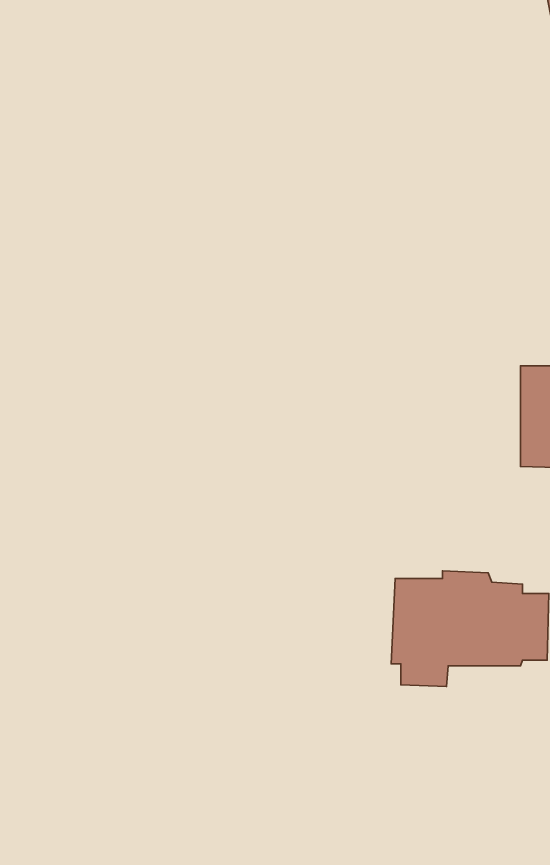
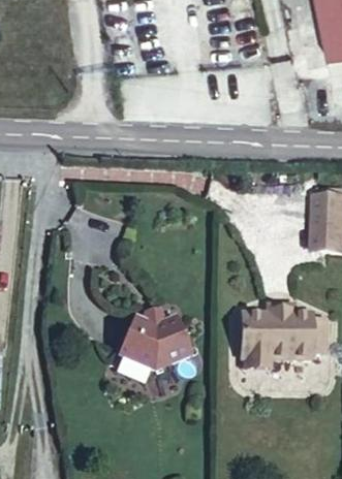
building: none -> [117,299,187,362]

